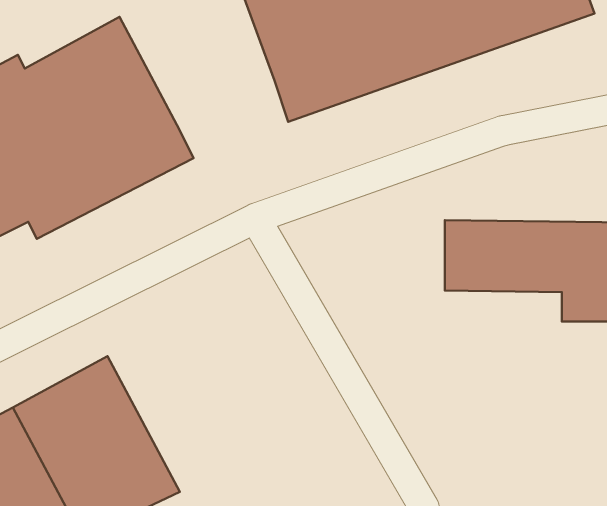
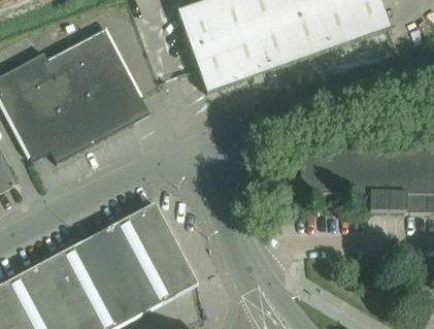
building: none -> [98,202,198,314]

